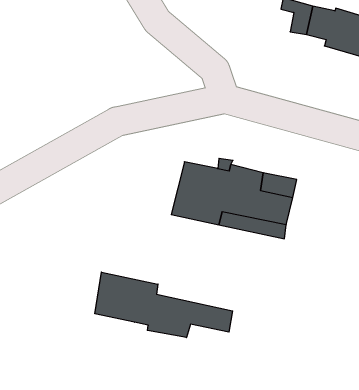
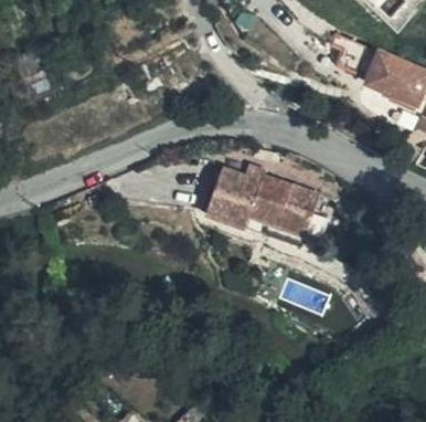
building: [95,272,233,338] -> none

